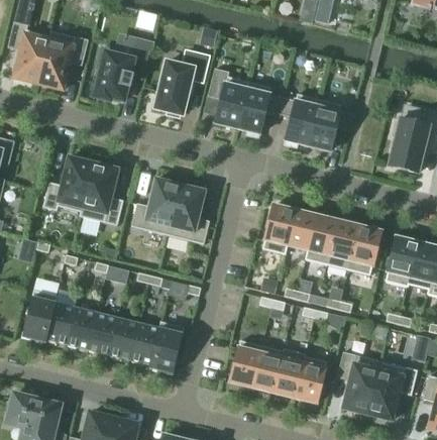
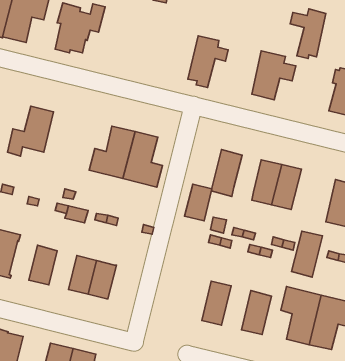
building: [155,50,209,117] -> none
building: [208,68,248,128] -> none
building: [278,93,316,146] -> [290,9,326,59]
building: [83,163,124,225] -> none
building: [287,210,316,249] -> [184,184,212,221]
building: [348,225,381,274] -> [291,231,322,277]
building: [45,302,76,344] -> none
building: [88,313,118,354] -> none
building: [149,321,185,373] -> none
building: [230,340,262,388] -> none
building: [274,348,306,398] -> none

